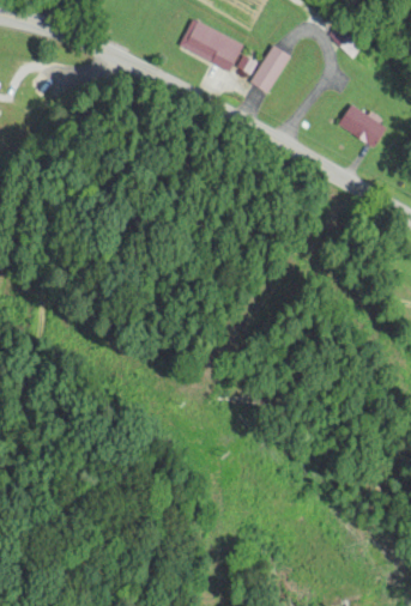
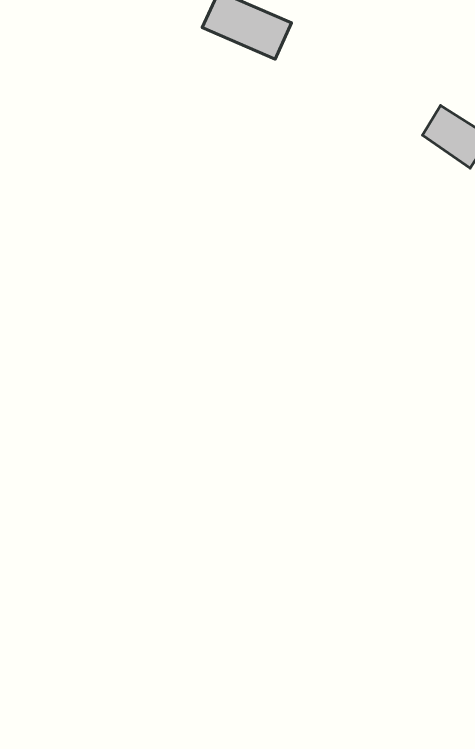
building: [249,46,290,95] -> none

